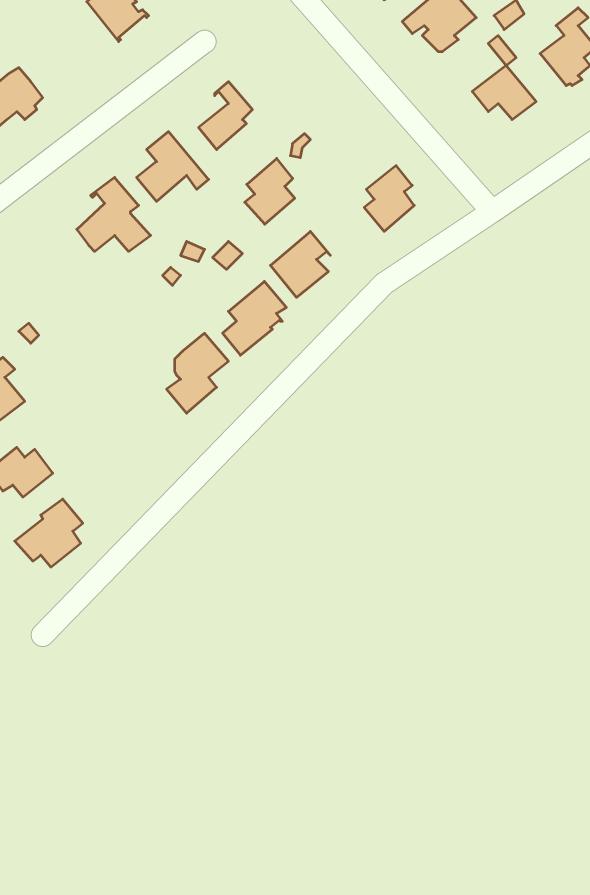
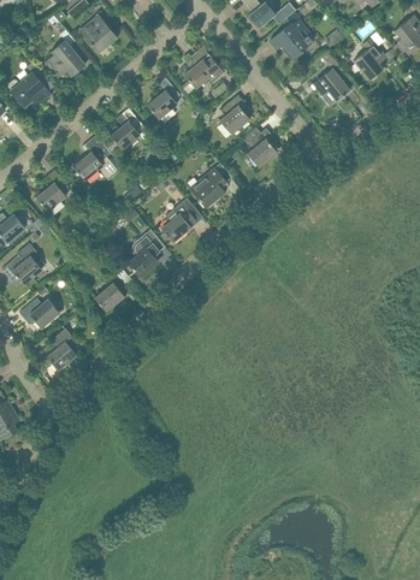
building: none -> [45,39,85,77]
building: none -> [184,46,223,88]
building: [245,158,295,224] -> [219,94,249,134]
building: none -> [36,168,69,211]
building: none -> [94,271,126,312]

